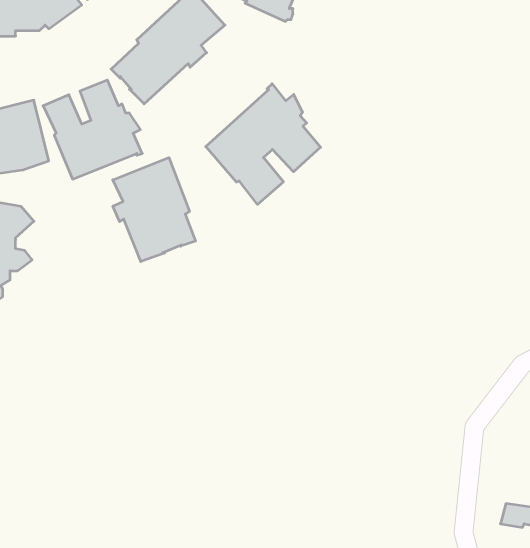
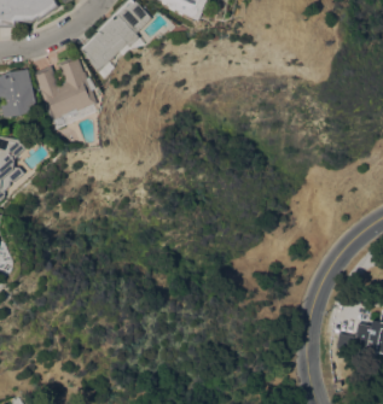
building: [206,84,321,204] -> none
building: [113,158,196,262] -> none

